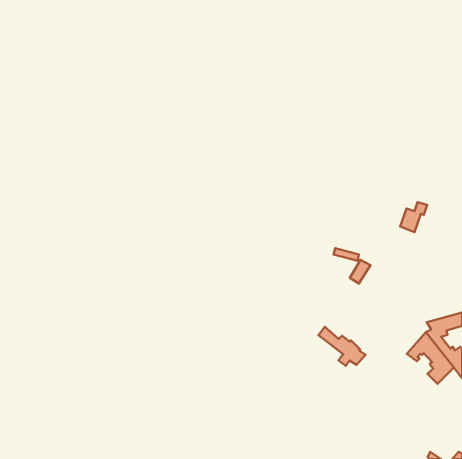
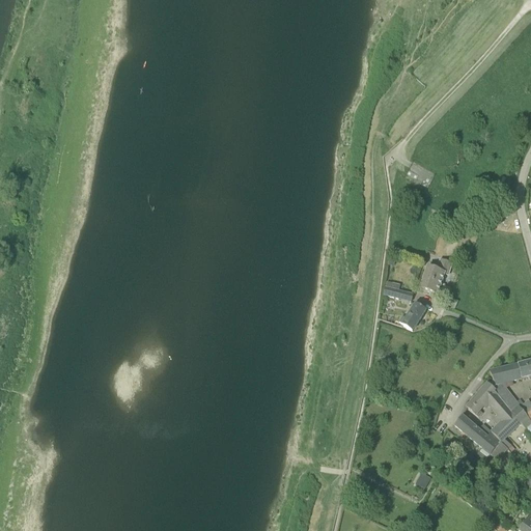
building: [400,202,427,232] -> [419,257,450,291]
building: [319,327,366,366] -> [453,414,507,458]

